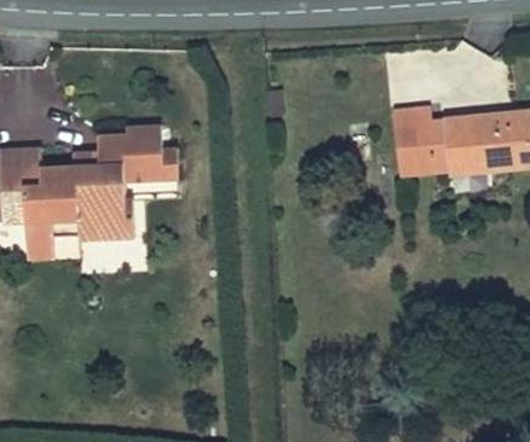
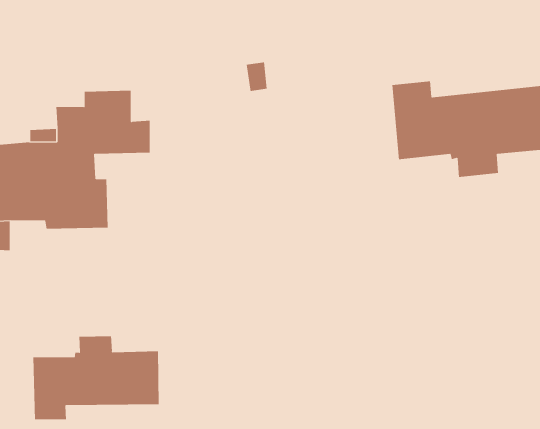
building: none -> [33,336,159,420]

